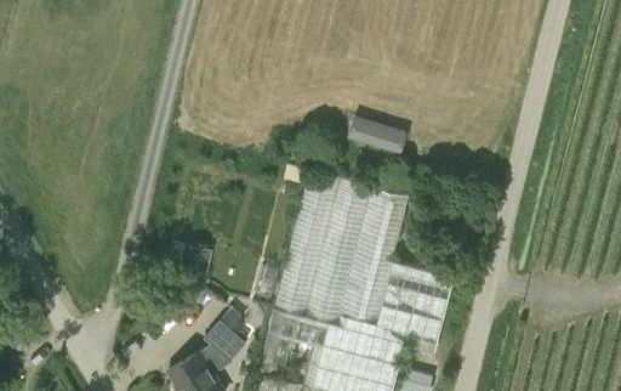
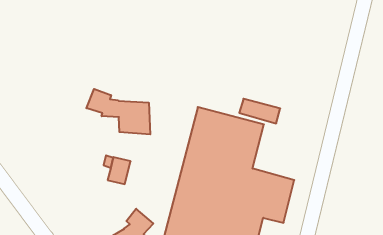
building: [348,115,409,152] -> [239,99,280,123]
building: none -> [86,89,150,134]

